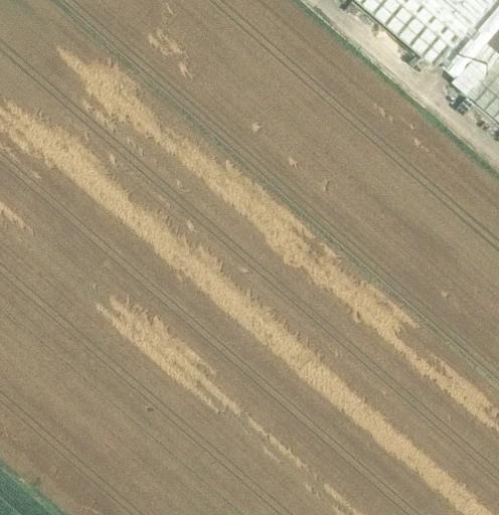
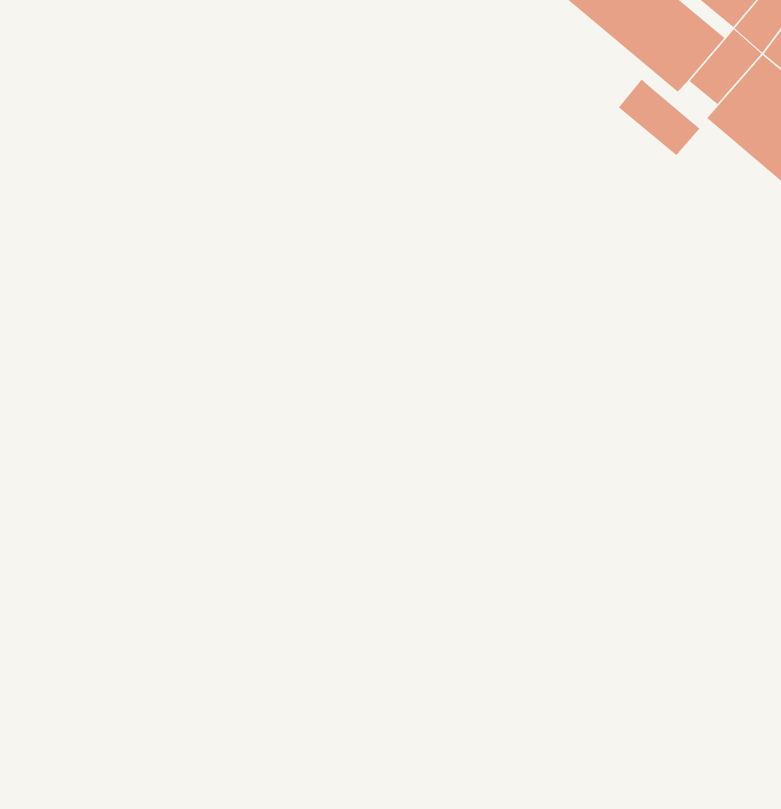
building: none -> [618,78,701,156]

